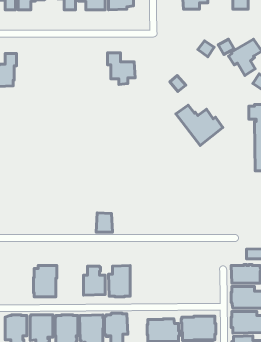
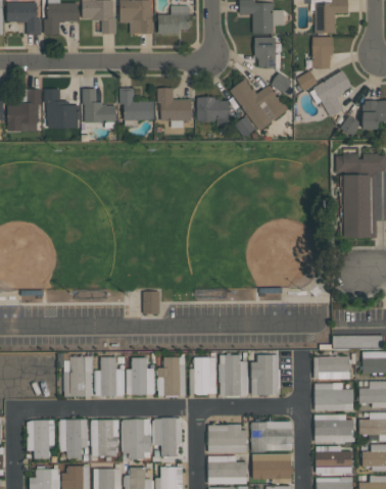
building: none -> [312,36,334,67]
building: none -> [255,37,281,67]
building: none -> [83,88,116,121]
building: none -> [120,88,153,126]
building: none -> [45,89,79,128]
building: none -> [197,97,229,126]
building: [176,105,223,145] -> [230,80,289,131]
building: none -> [221,354,247,395]
building: none -> [251,354,281,394]
building: none -> [95,356,125,395]
building: none -> [190,357,216,394]

